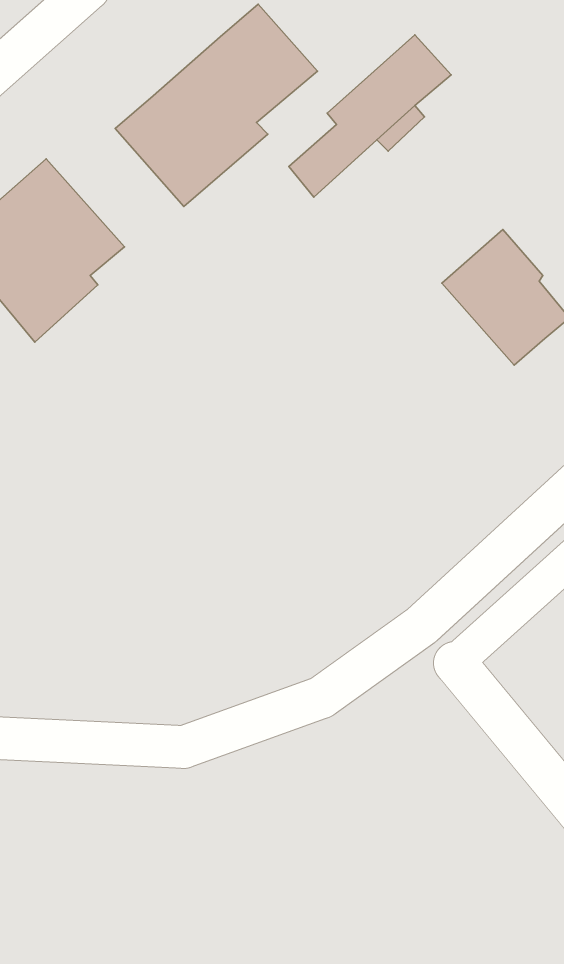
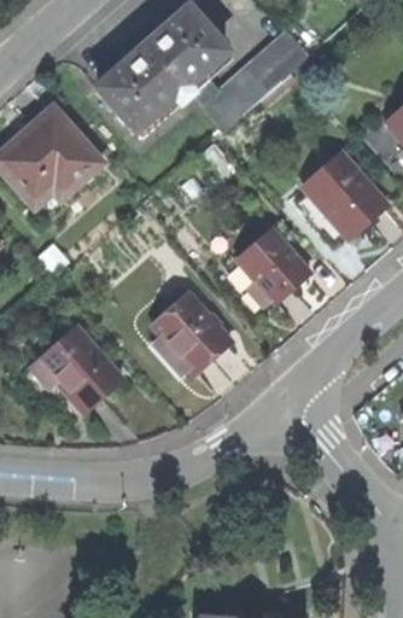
building: none -> [236,226,310,299]
building: none -> [153,291,232,372]
building: none -> [35,323,119,409]

